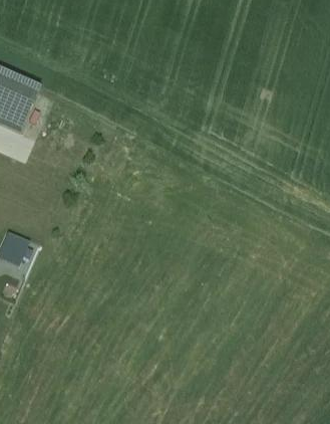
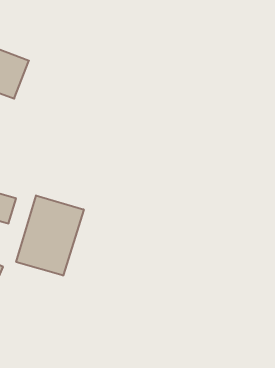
building: none -> [16,195,84,276]

